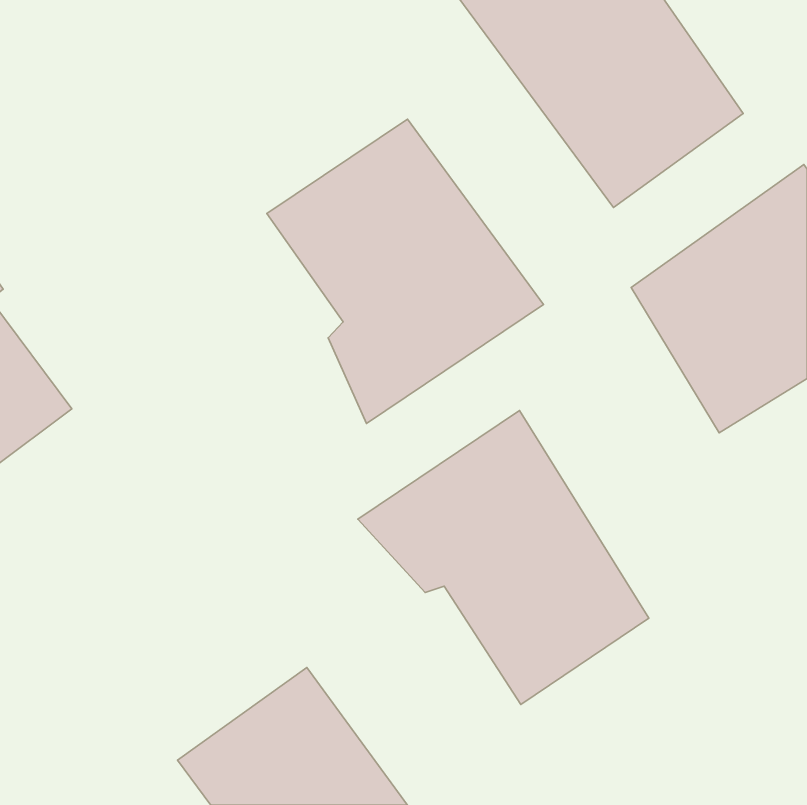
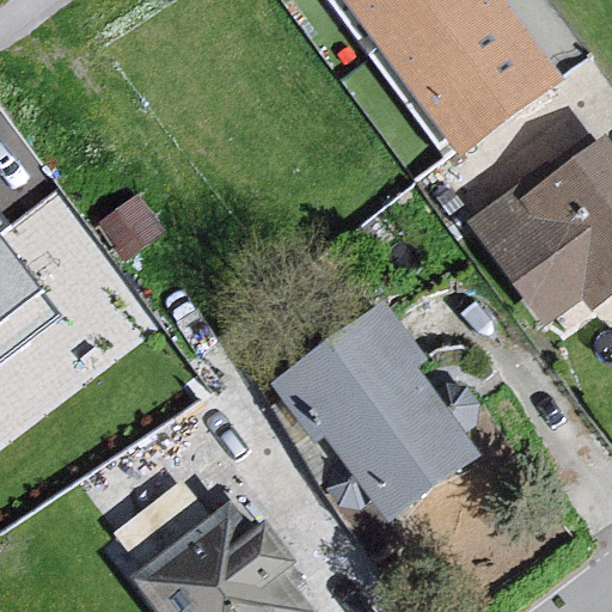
building: [267,119,544,424] -> none

